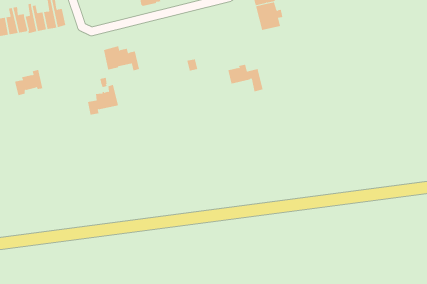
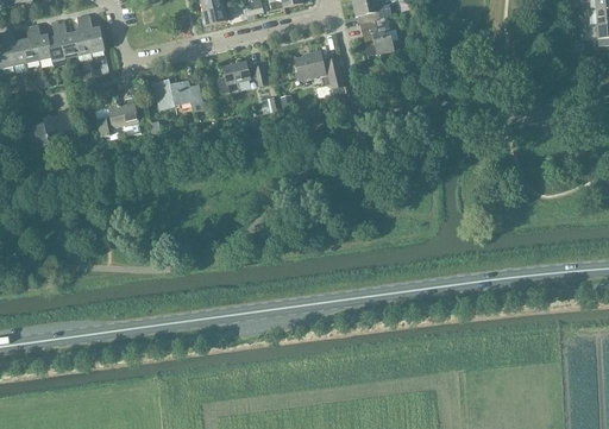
building: none -> [218,61,266,92]
building: [227,64,263,92] -> [296,50,345,88]
building: [87,84,119,115] -> [98,93,140,134]

